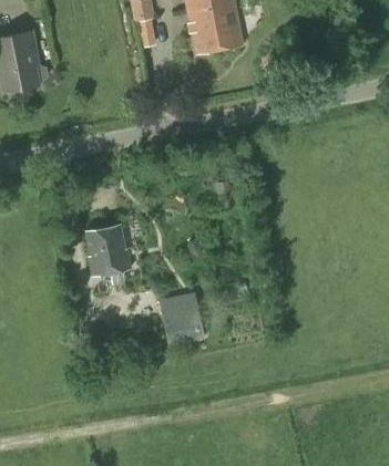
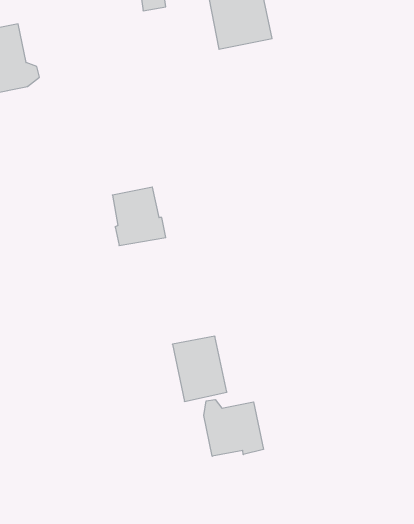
building: [86,225,131,273] -> [112,187,166,246]
building: none -> [204,400,263,456]

